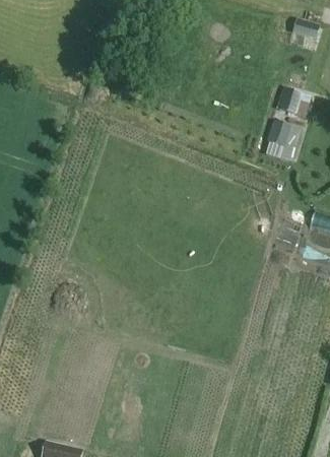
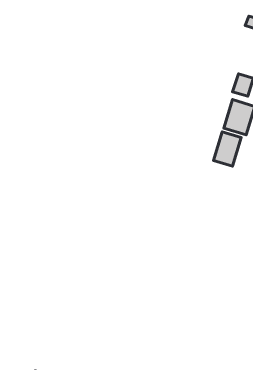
building: none -> [213,132,241,166]

